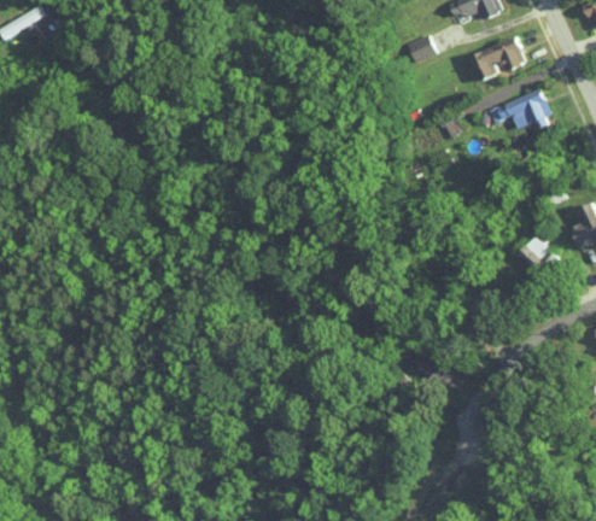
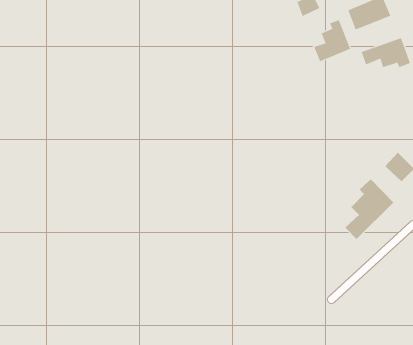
building: none -> [314,19,351,62]
building: none -> [344,178,394,240]

